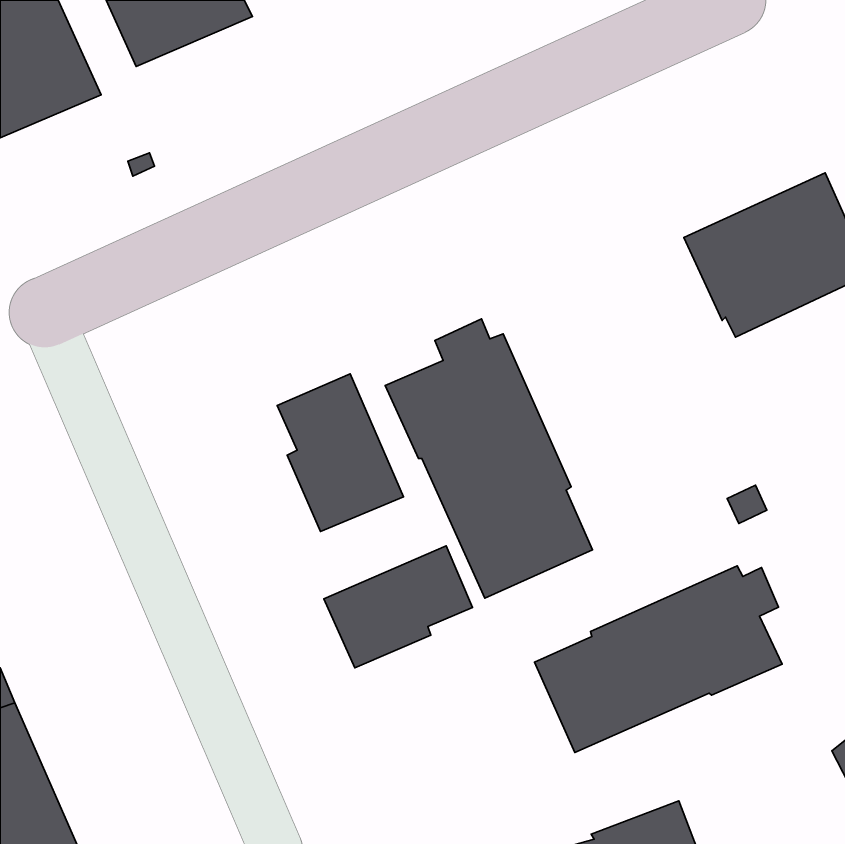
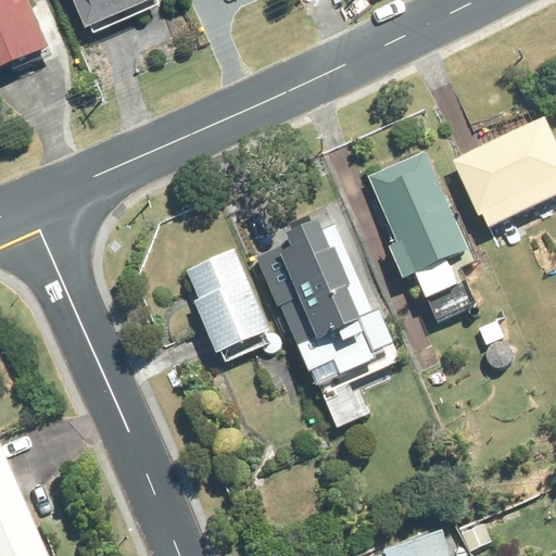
building: none -> [367,151,466,295]
building: [324,546,473,668] -> none
building: [534,566,782,753] -> none

